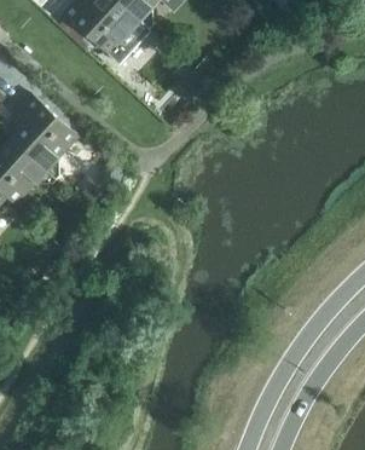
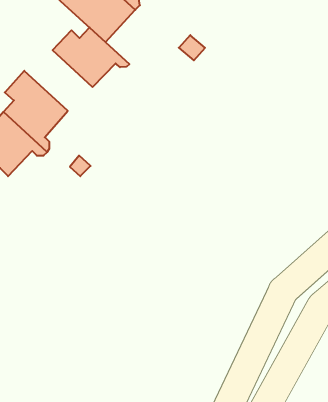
building: none -> [53,27,129,87]

